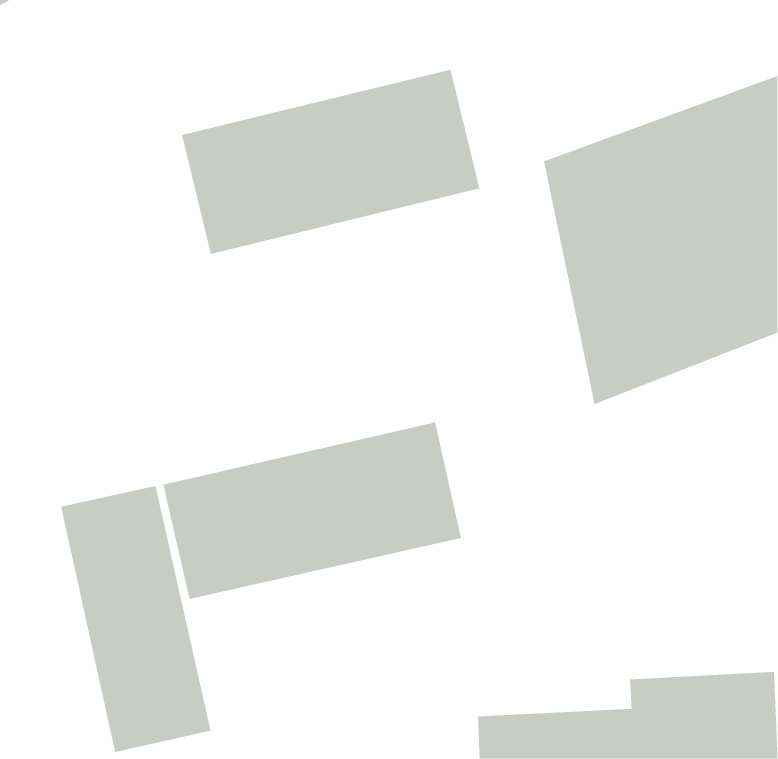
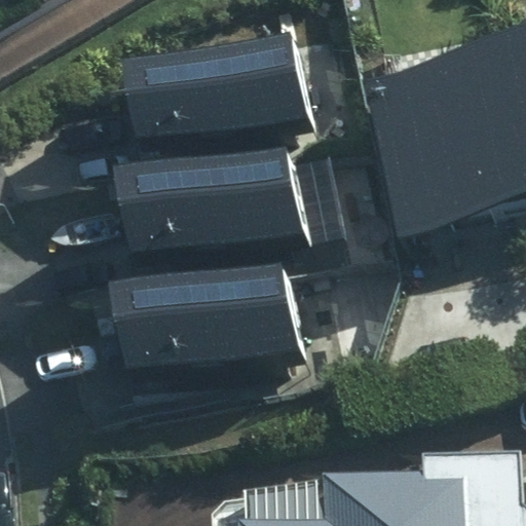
building: none -> [118,166,313,288]
building: [61,485,211,753] -> none

